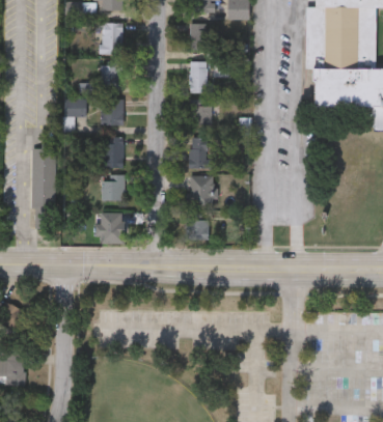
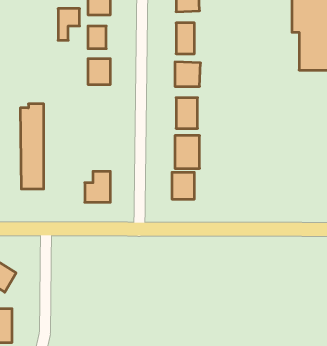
building: [64,97,86,130] -> [58,9,80,40]
building: [101,136,124,167] -> none
building: [103,174,124,200] -> none

